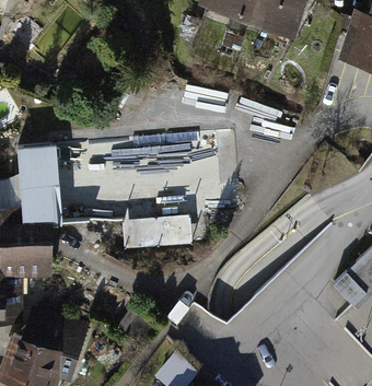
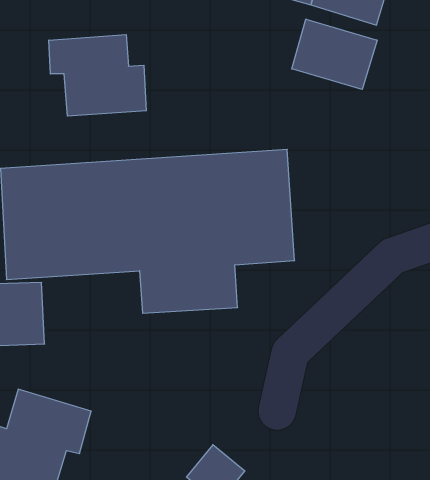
building: none -> [292,19,377,89]
building: none -> [49,35,146,116]

